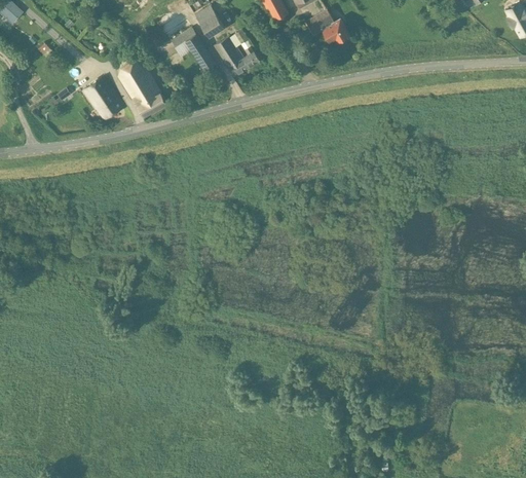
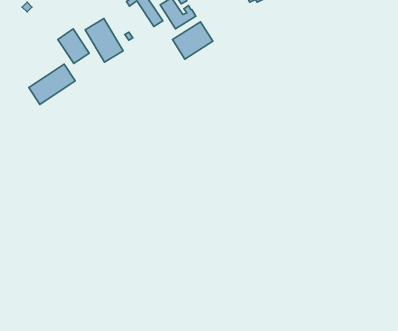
building: none -> [173,22,213,59]
building: none -> [29,64,75,104]

